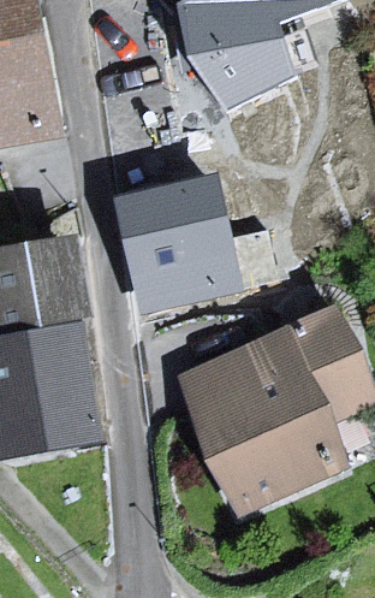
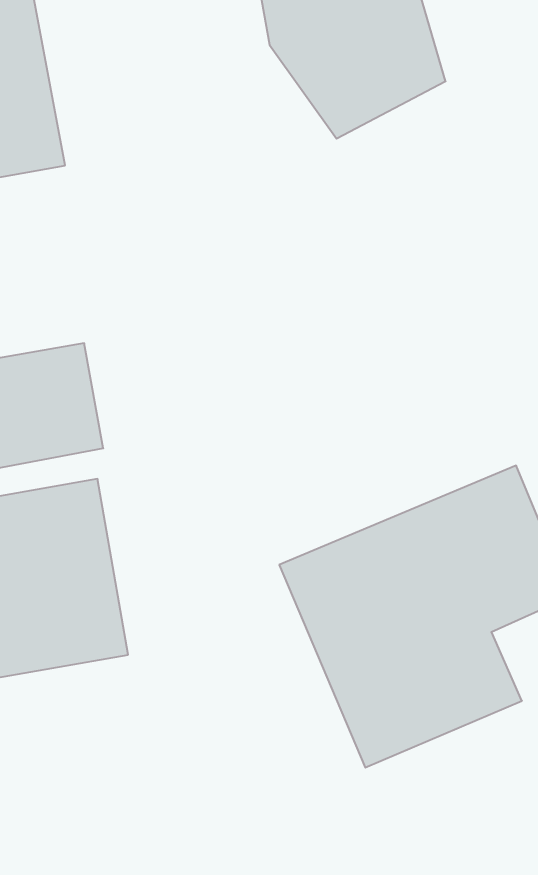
building: [118,179,233,304] -> none

